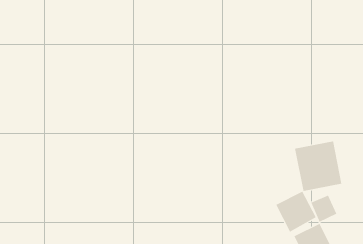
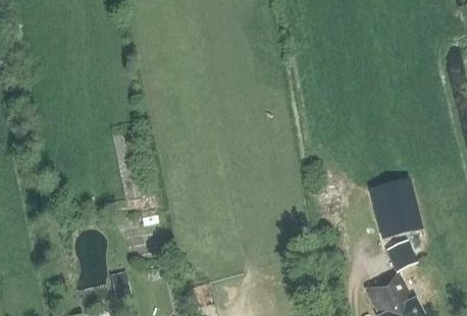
building: [275,191,317,232] -> none

